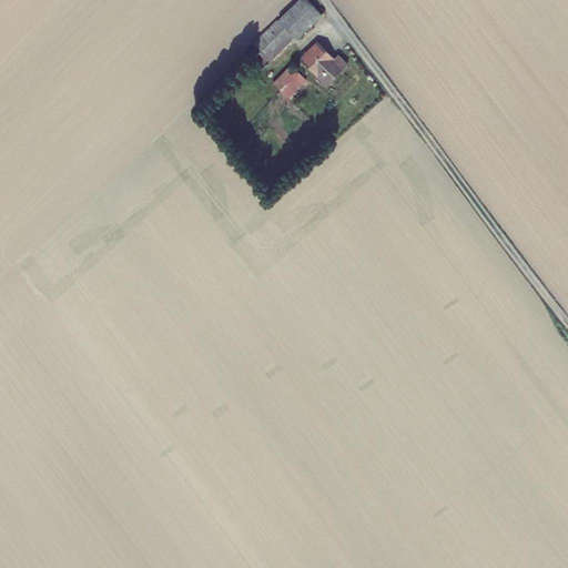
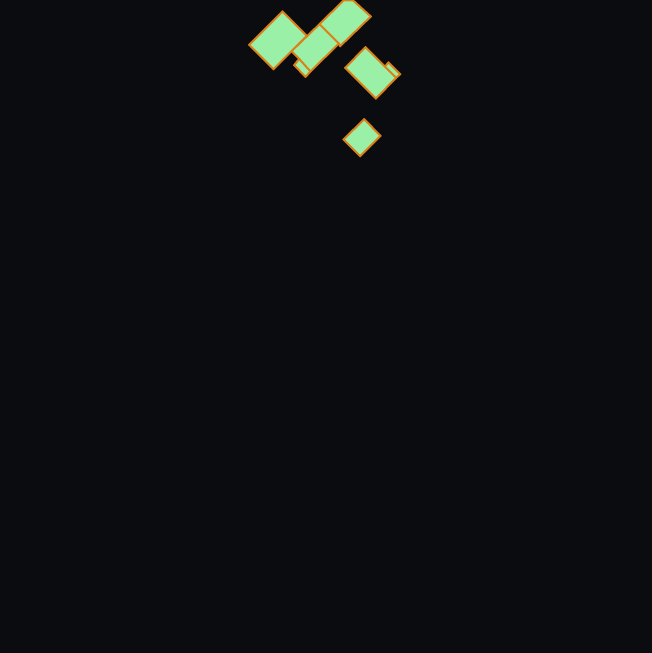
building: none -> [249,11,307,69]
building: [273,65,305,98] -> [344,119,381,156]

